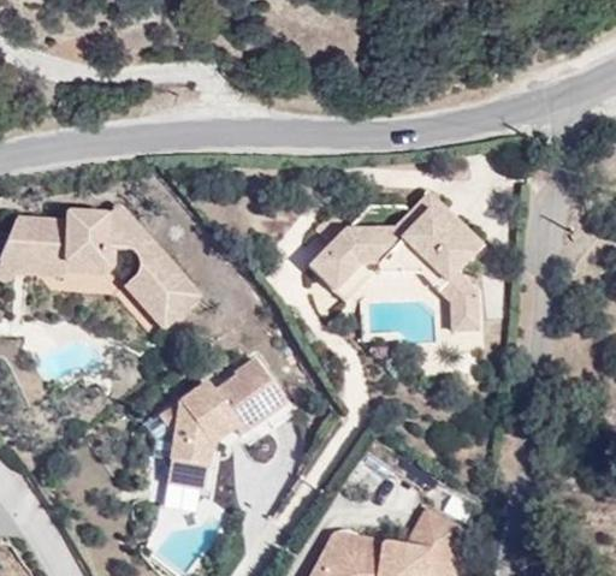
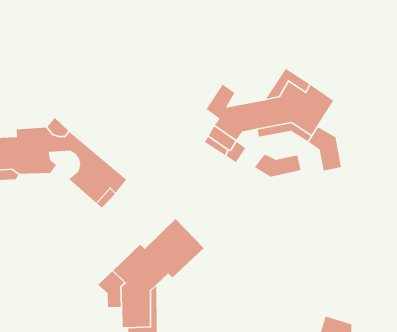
building: none -> [254,154,301,178]

